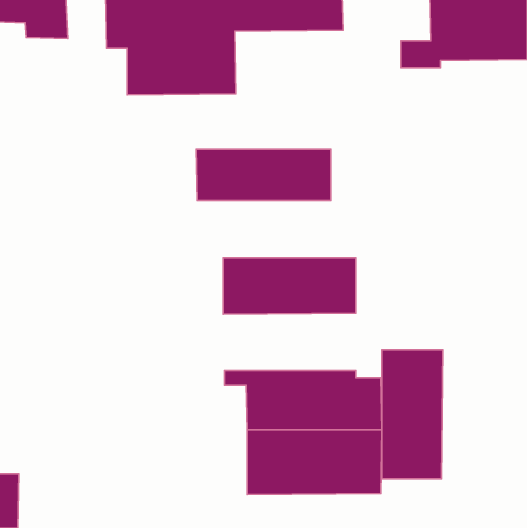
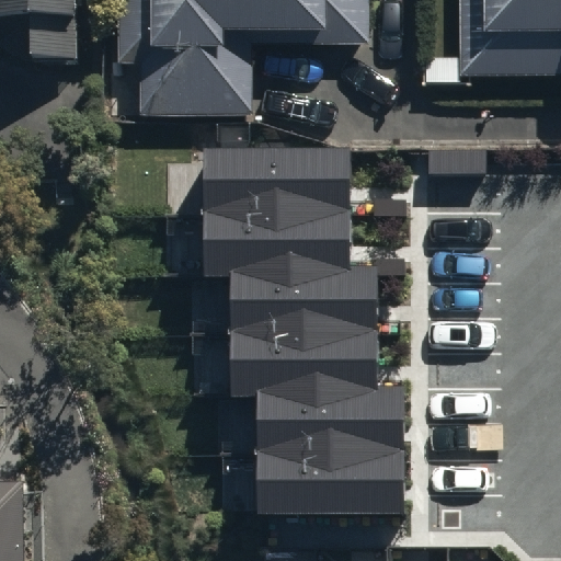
building: none -> [207,210,347,271]
building: none -> [234,329,374,389]
building: [382,350,443,479] -> none

